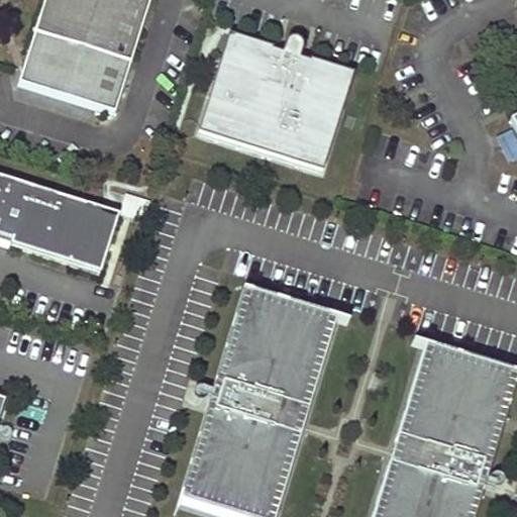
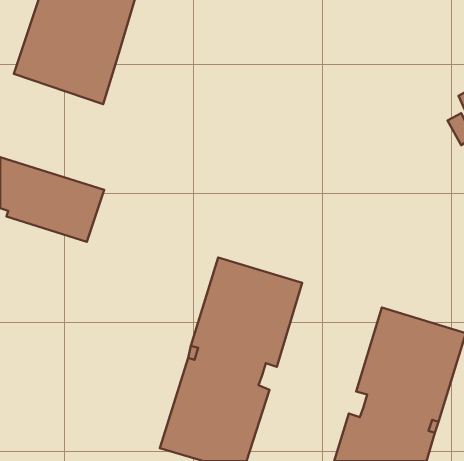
building: [197,29,355,168] -> none

